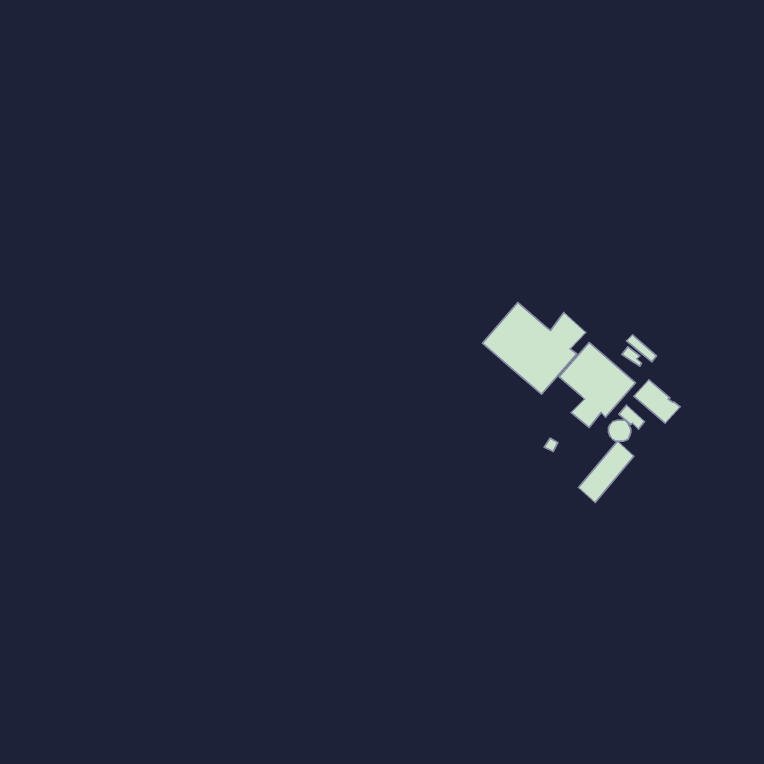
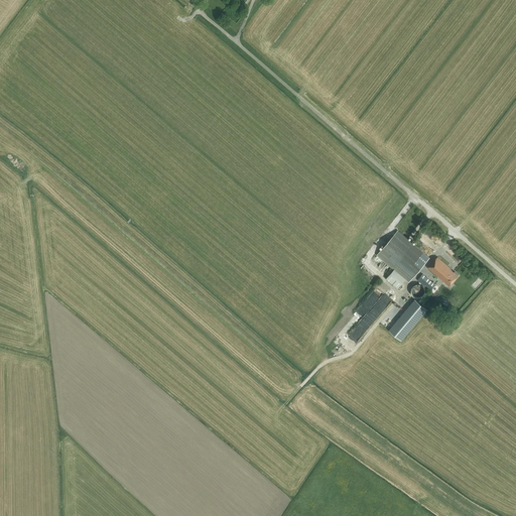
building: [482,302,586,394] -> none

